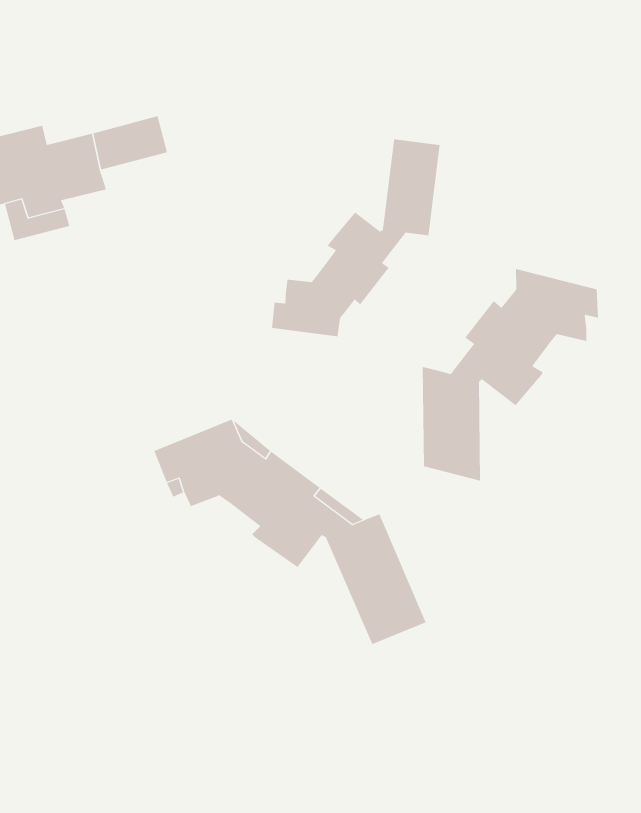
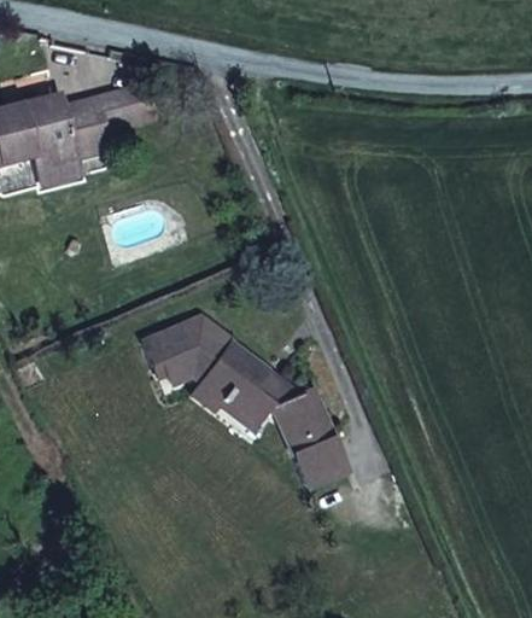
building: [271,138,440,337] -> none
building: [422,268,599,481] -> none

